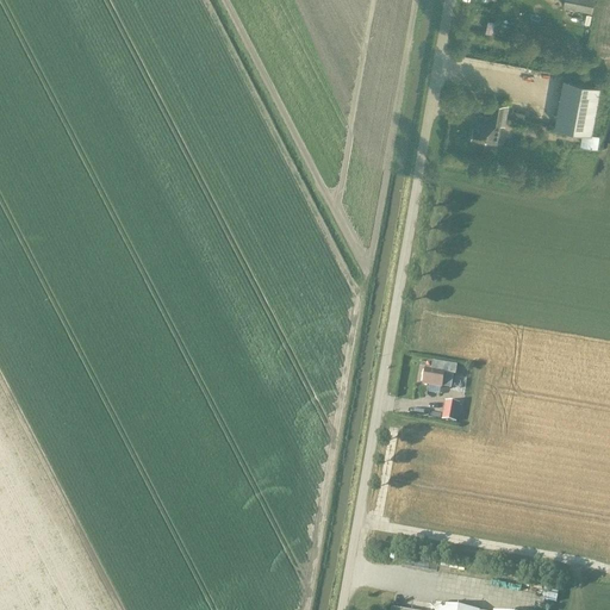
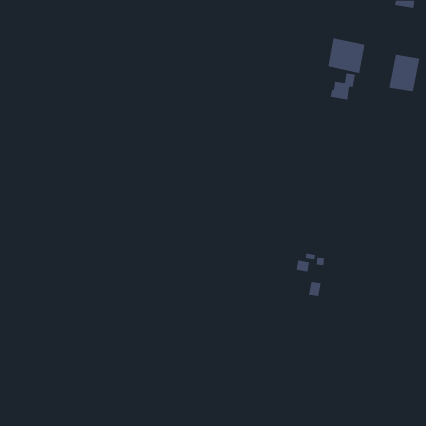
building: none -> [328,37,365,74]

